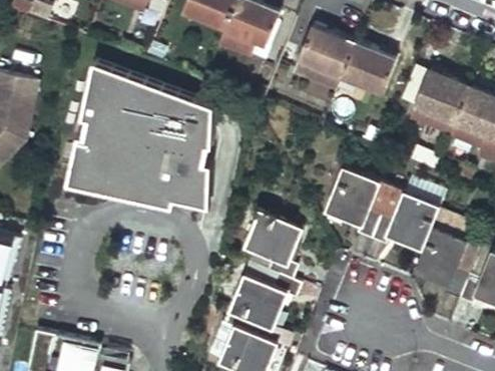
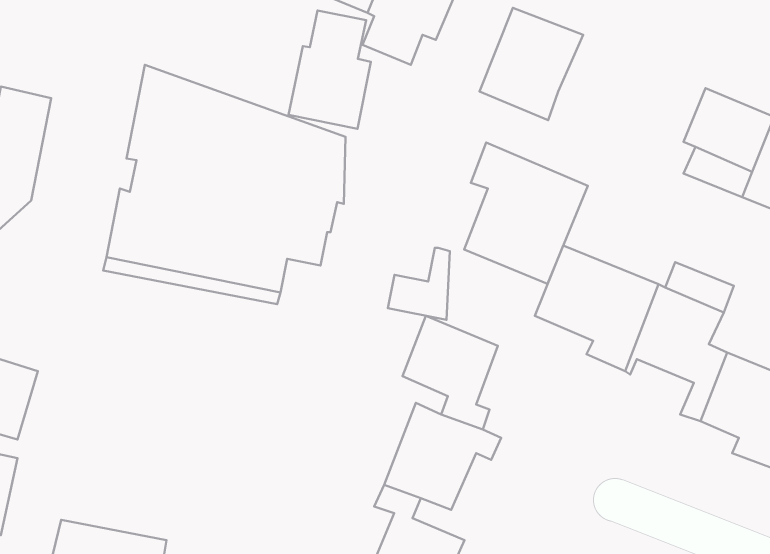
building: none -> [288,10,371,129]
building: [338,43,393,94] -> none
building: none -> [464,142,588,284]
building: [171,161,208,205] -> [388,248,450,320]

